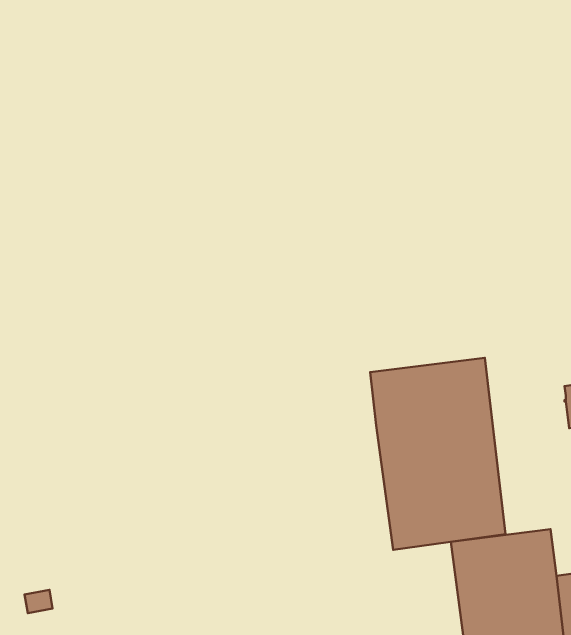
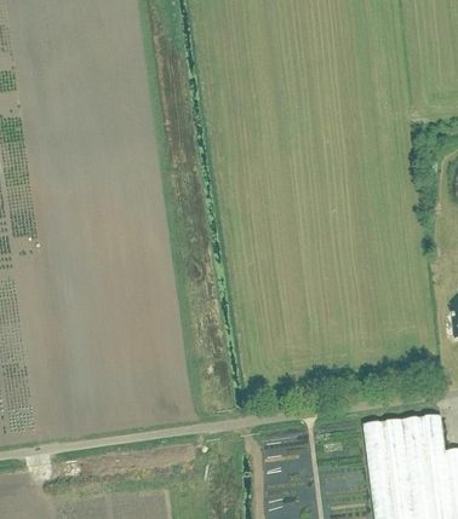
building: [370,358,506,550] -> none

